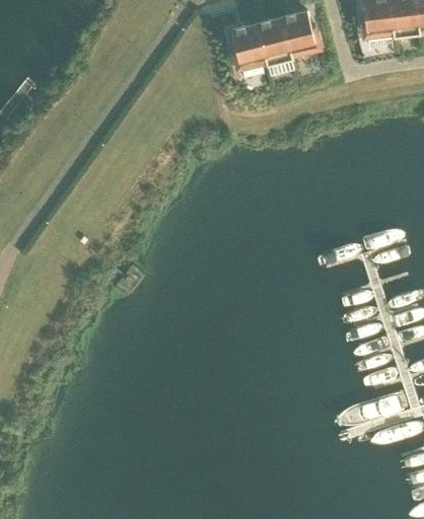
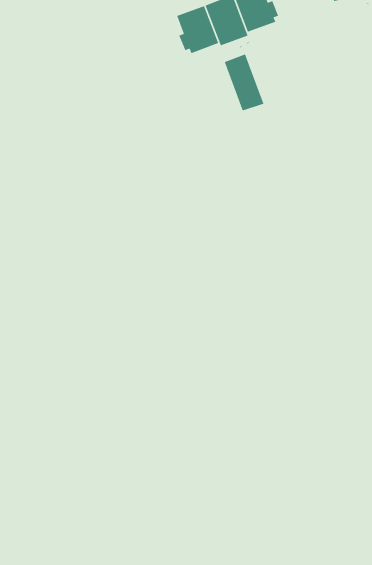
building: none -> [221,45,264,111]

